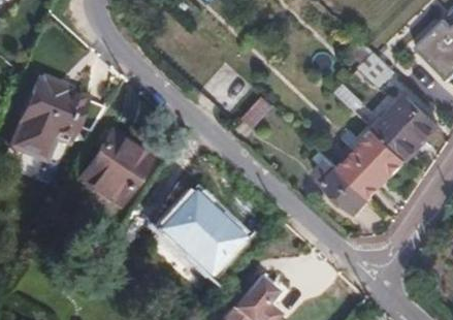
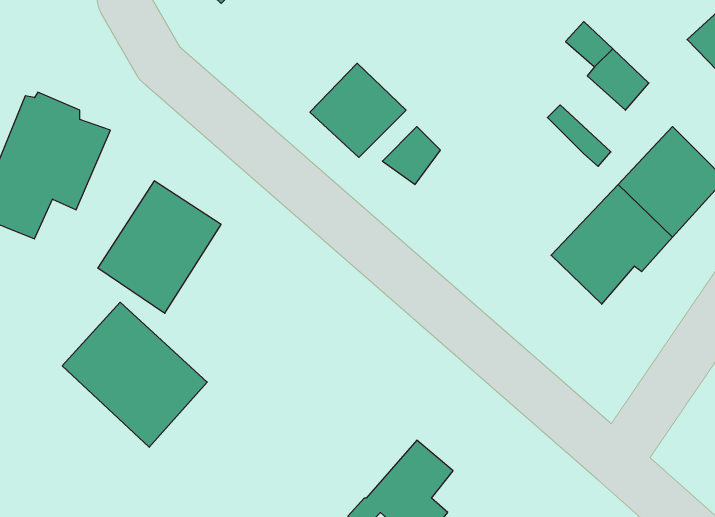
building: [310,152,368,215] -> none
building: [156,191,238,274] -> [62,302,207,447]

